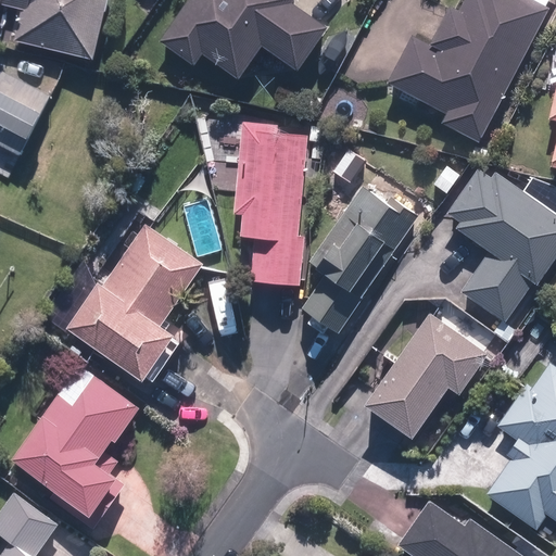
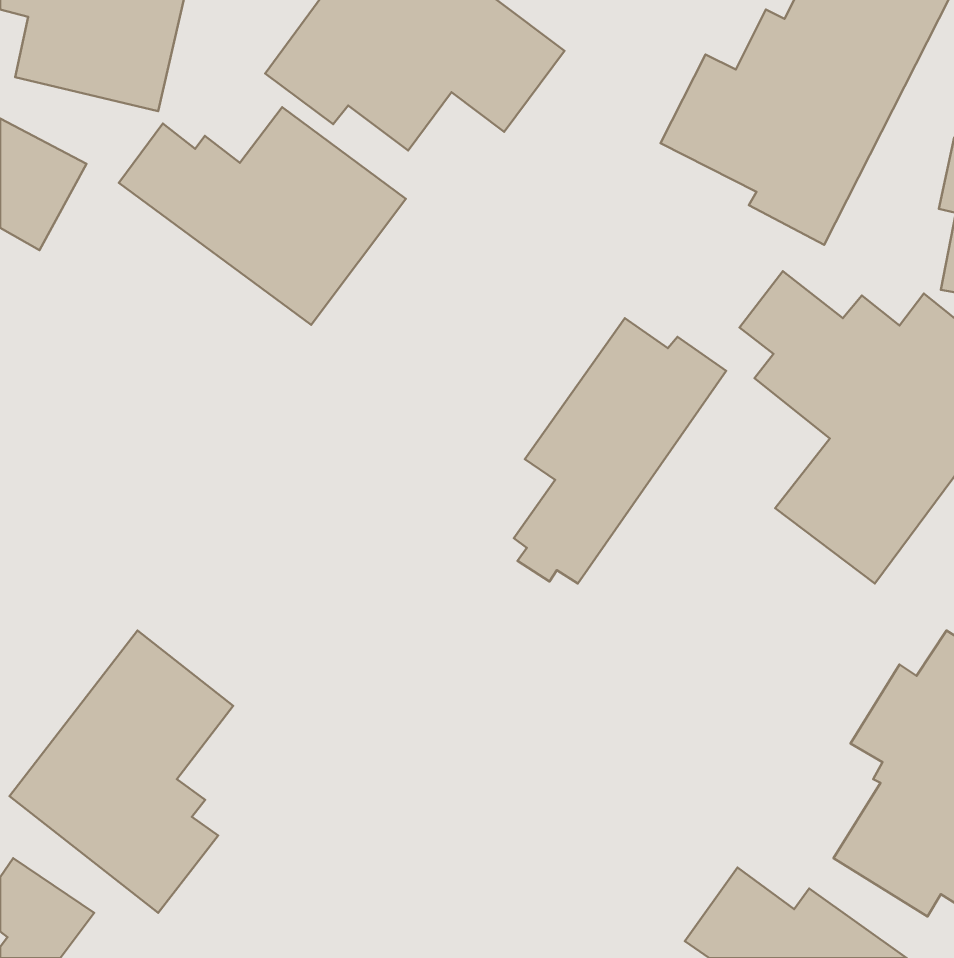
building: none -> [119,107,406,325]
building: [232,122,309,285] -> none
building: [51,223,204,384] -> none
building: [358,313,489,444] -> none

